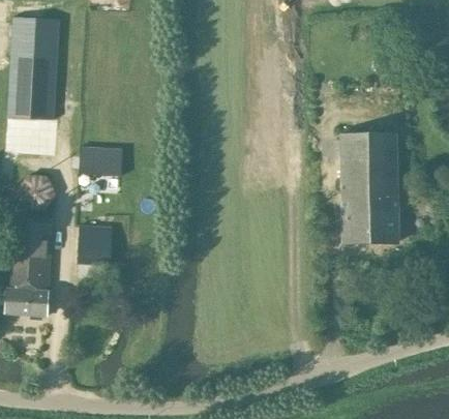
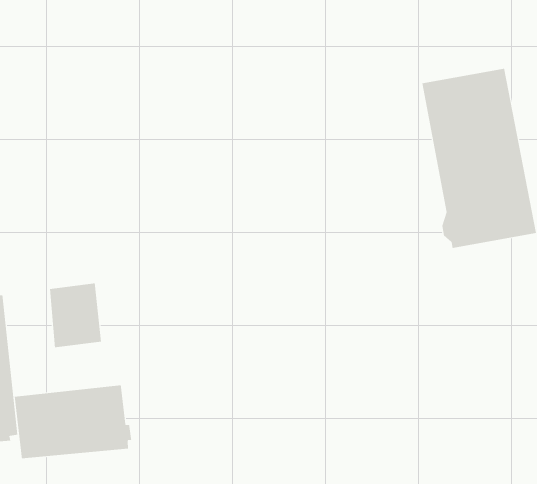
building: [80,147,123,177] -> none
building: none -> [14,385,132,459]

